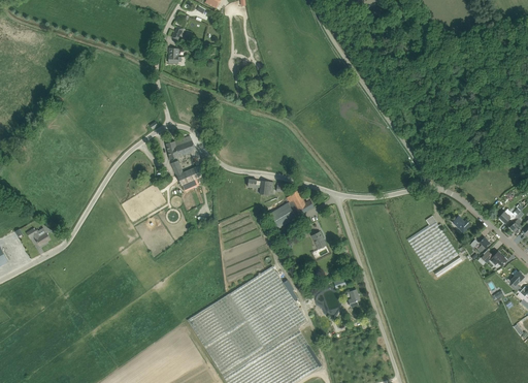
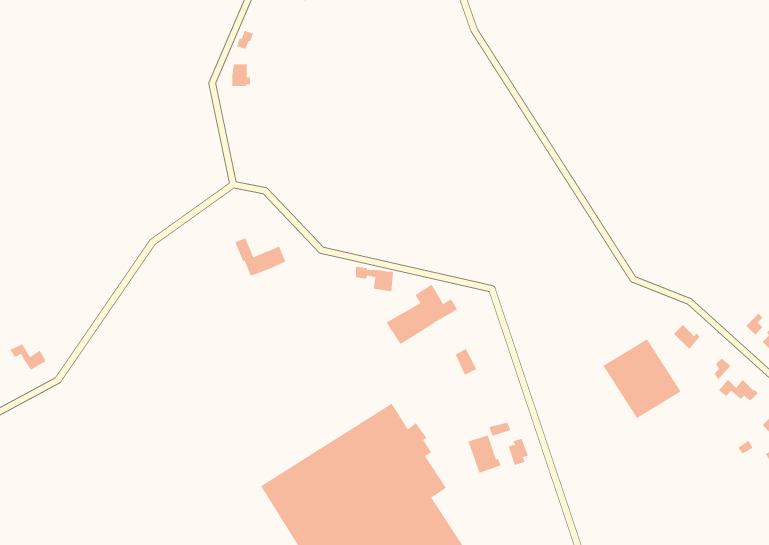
building: [166,135,197,160] -> none

